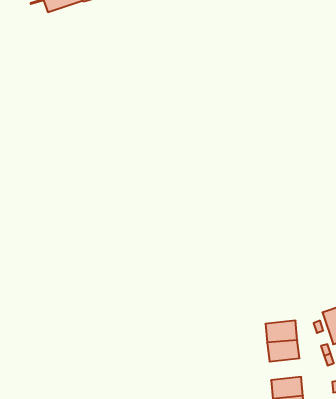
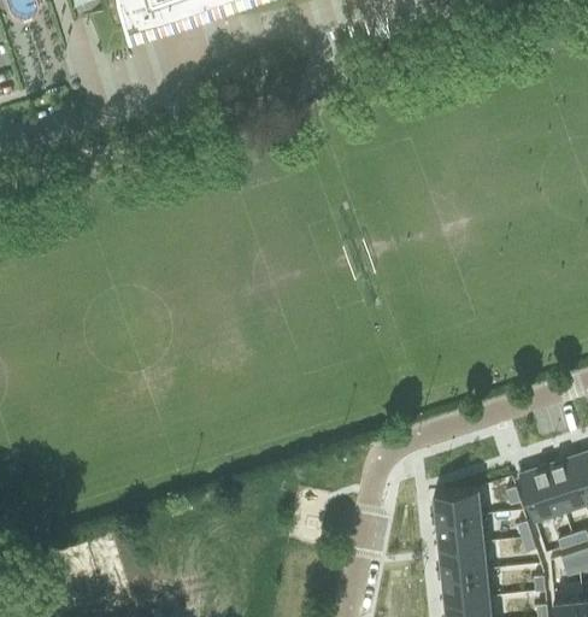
building: none -> [440,541,487,574]

